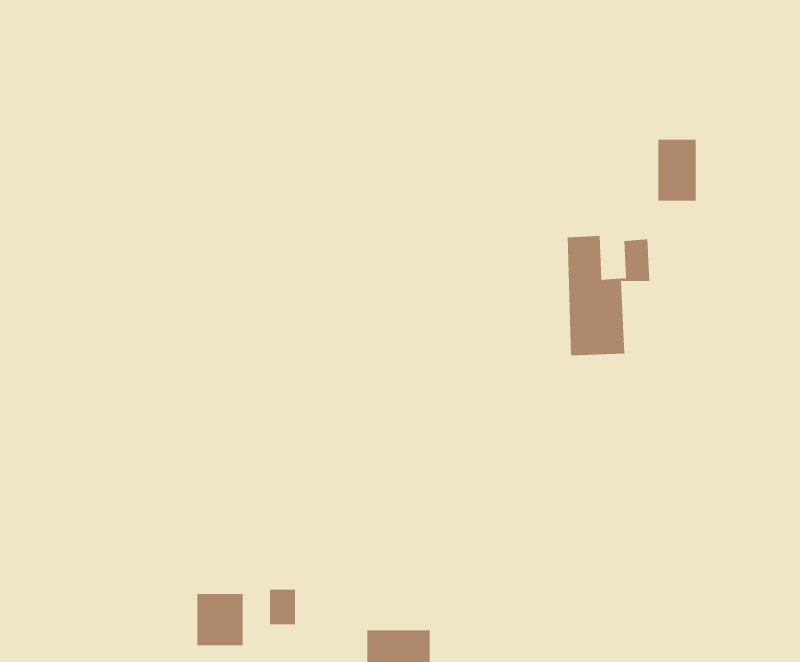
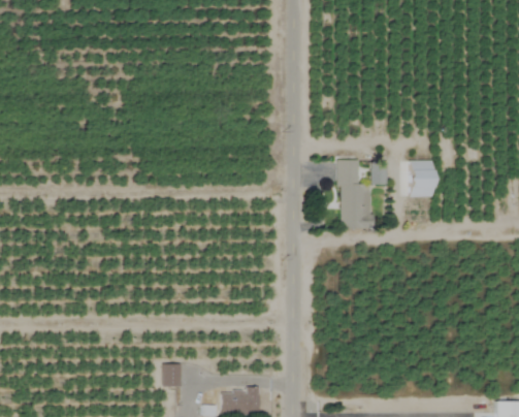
building: [657,139,696,201] -> [410,161,432,197]
building: [197,593,243,646] -> none

